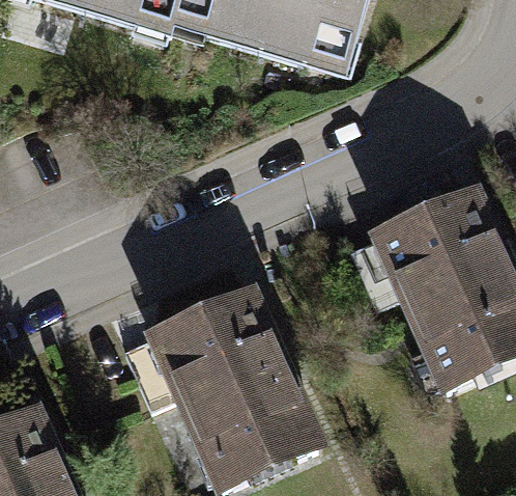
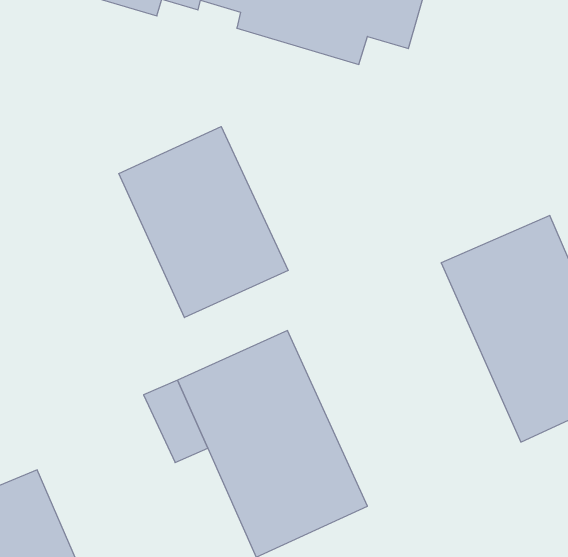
building: none -> [119,127,288,318]

